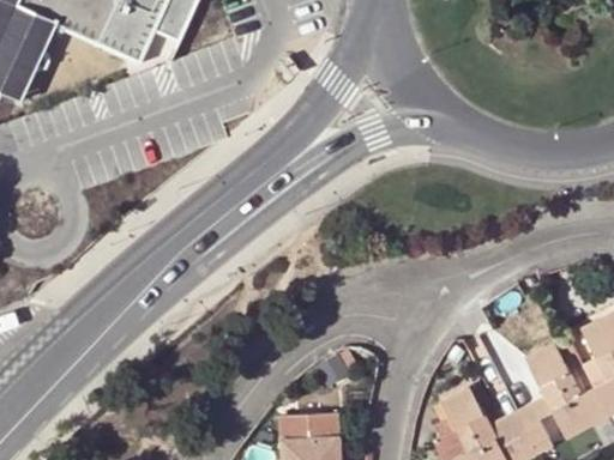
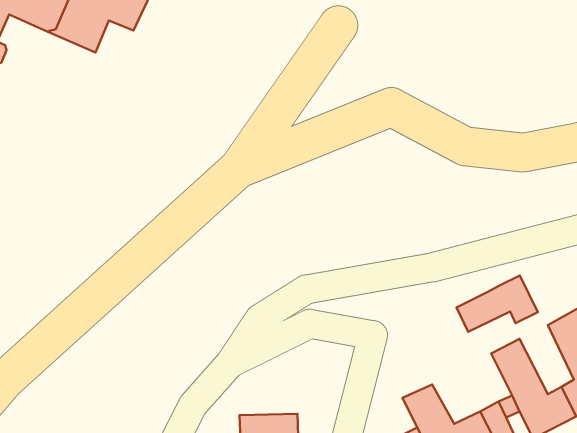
building: none -> [456,275,538,332]

